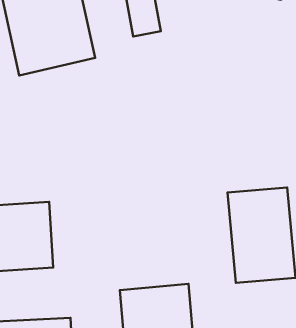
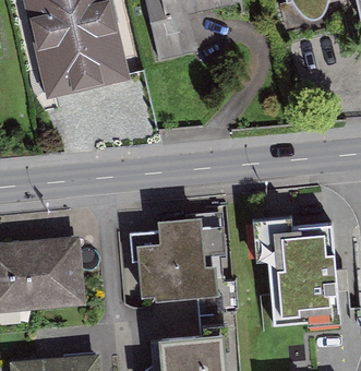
building: none -> [131,213,221,295]

